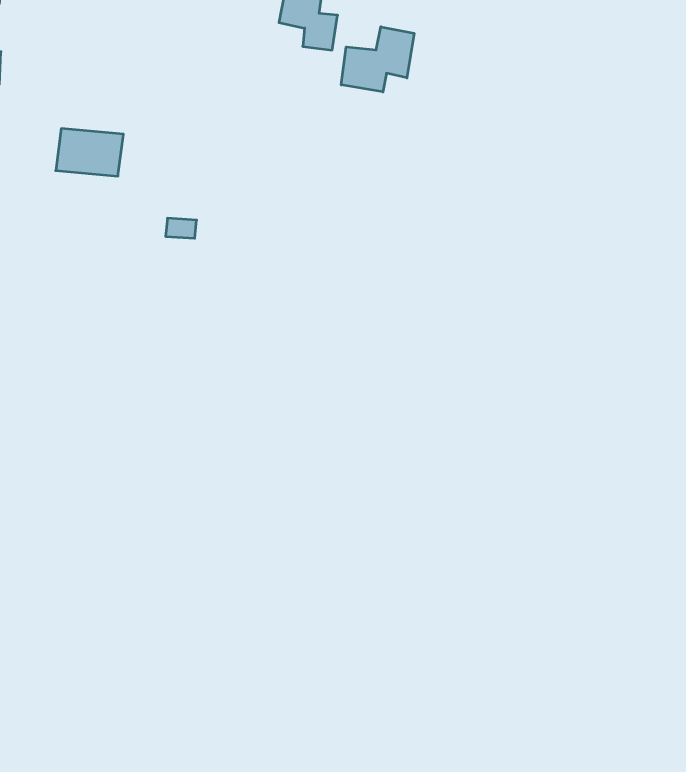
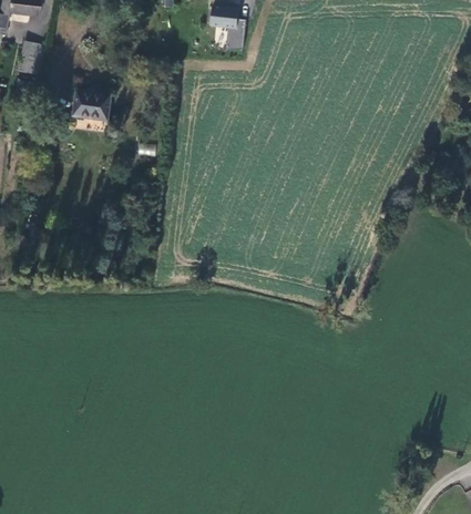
building: [341,27,414,92] -> none

